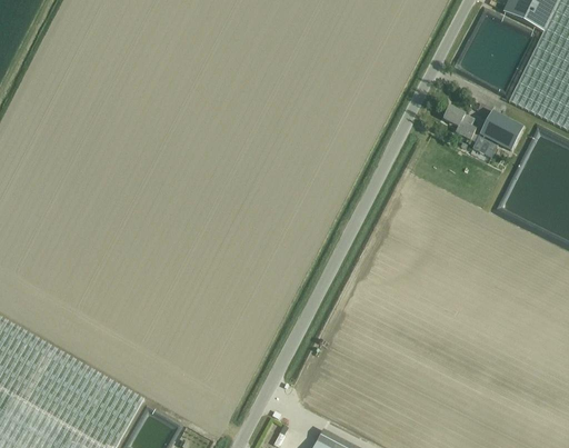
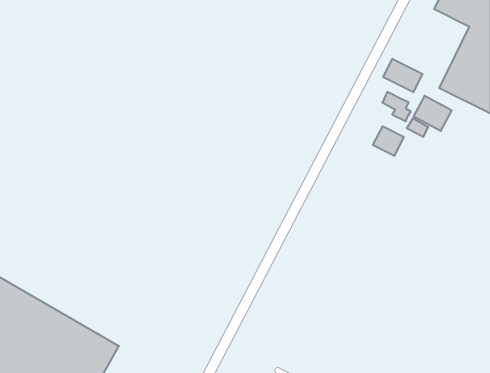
building: none -> [383,59,423,92]
building: none -> [373,126,404,156]

